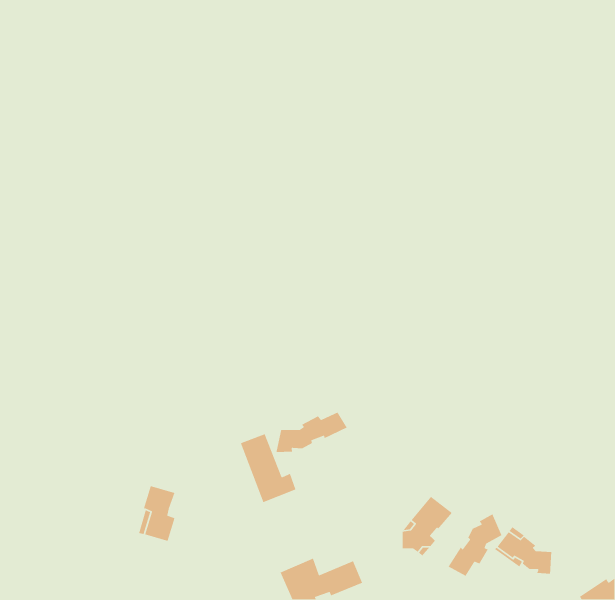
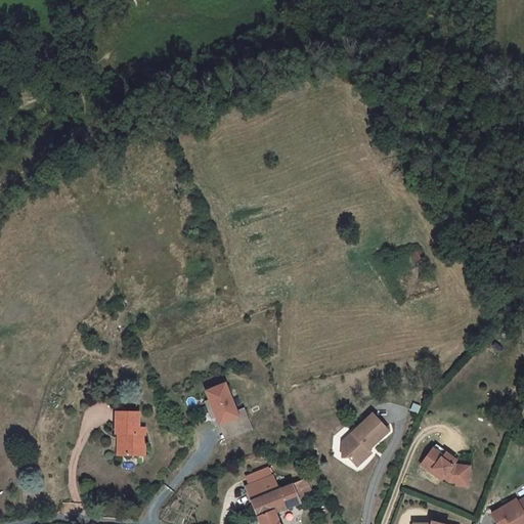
building: [275,411,348,453] -> none
building: [448,513,502,577] -> none

